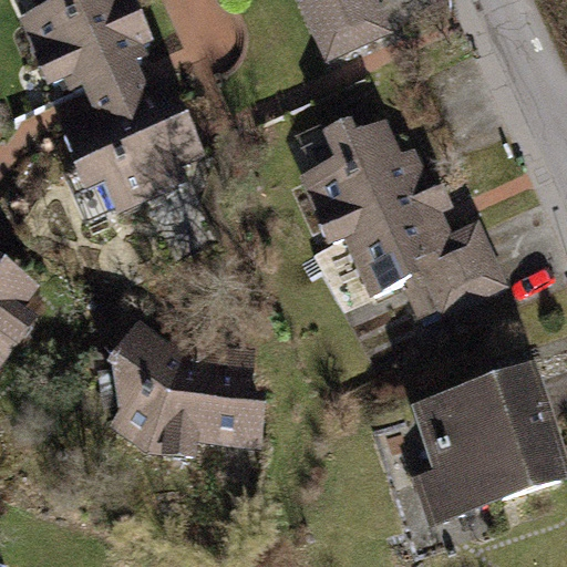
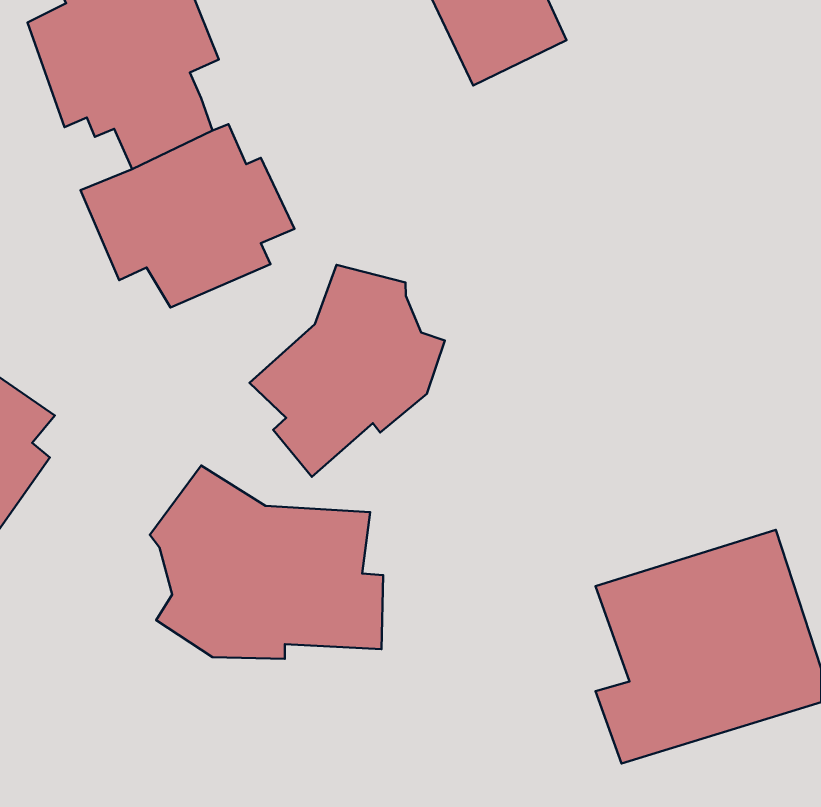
building: [297,117,509,316] -> none
building: none -> [250,265,445,477]

